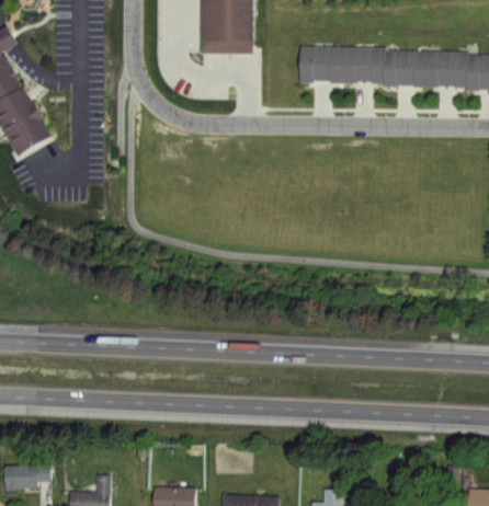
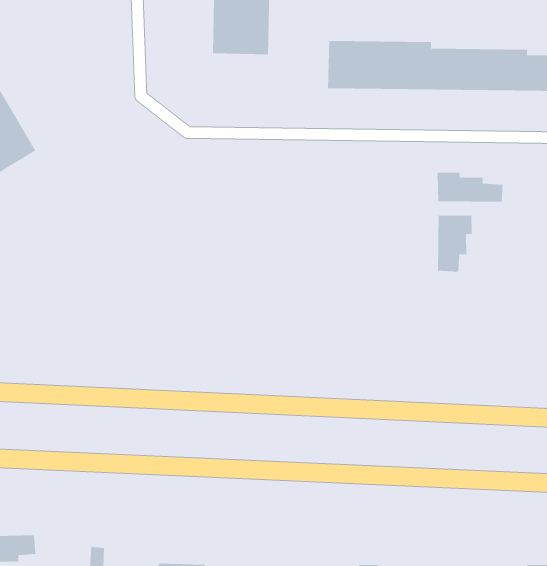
building: none -> [437,172,503,203]
building: none -> [437,215,472,272]

